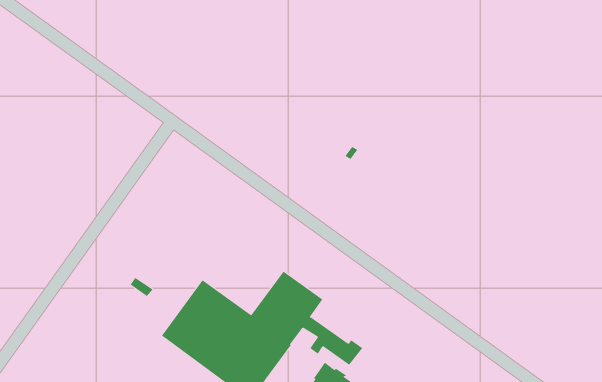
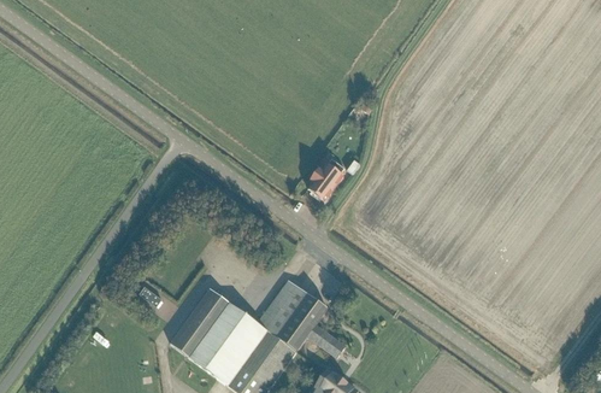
building: none -> [307,156,343,199]

